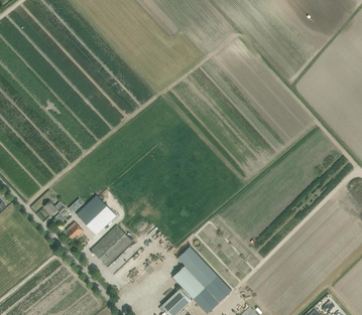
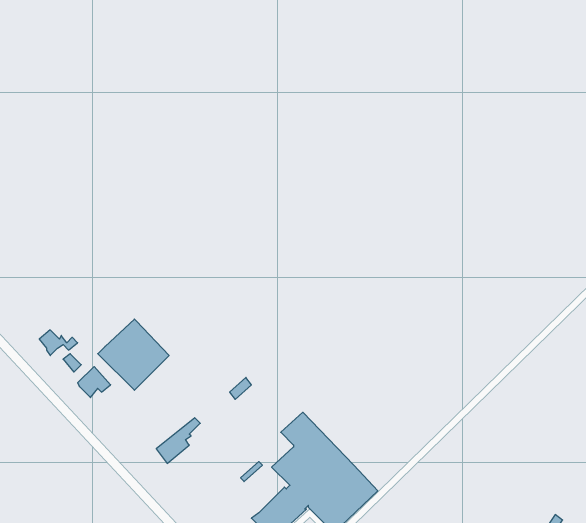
building: [92,225,132,266] -> none

